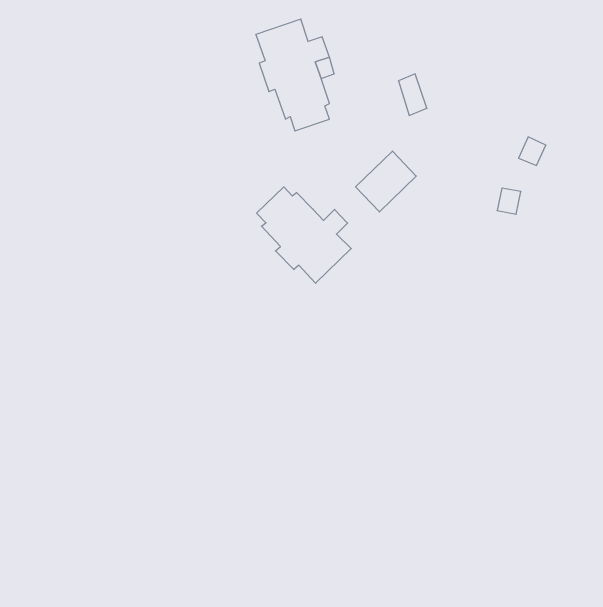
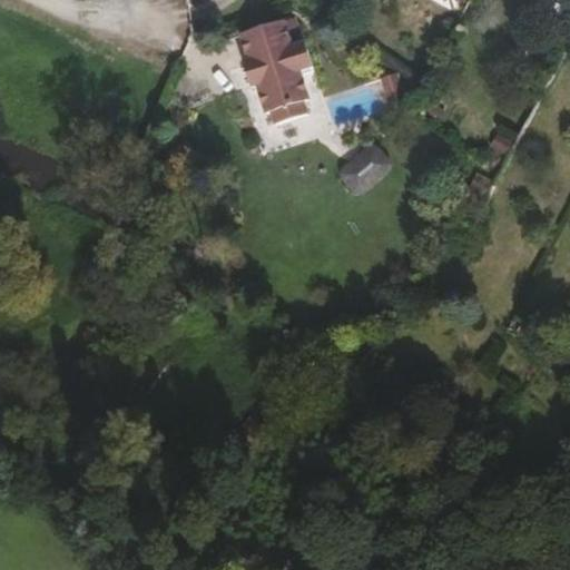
building: [257,187,351,283] -> none

